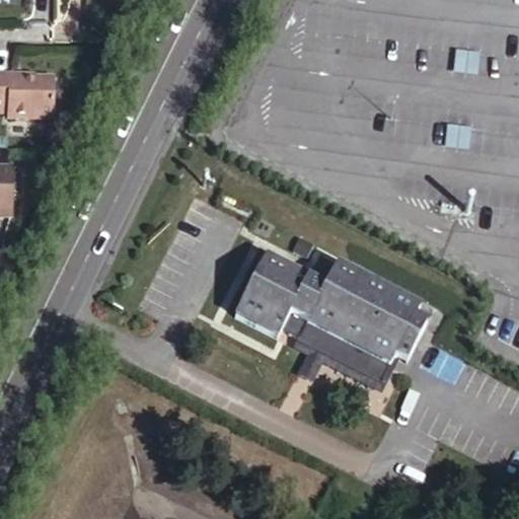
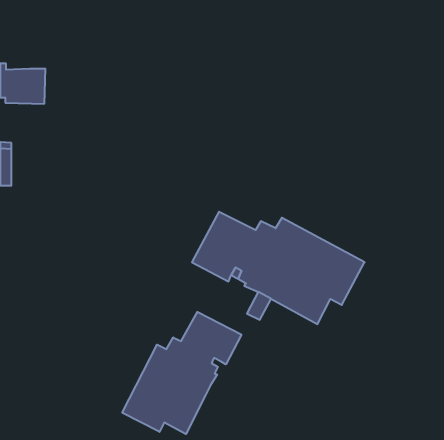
building: none -> [122,312,241,434]

